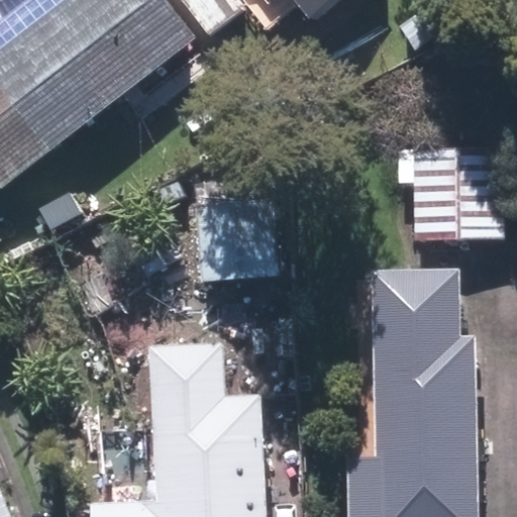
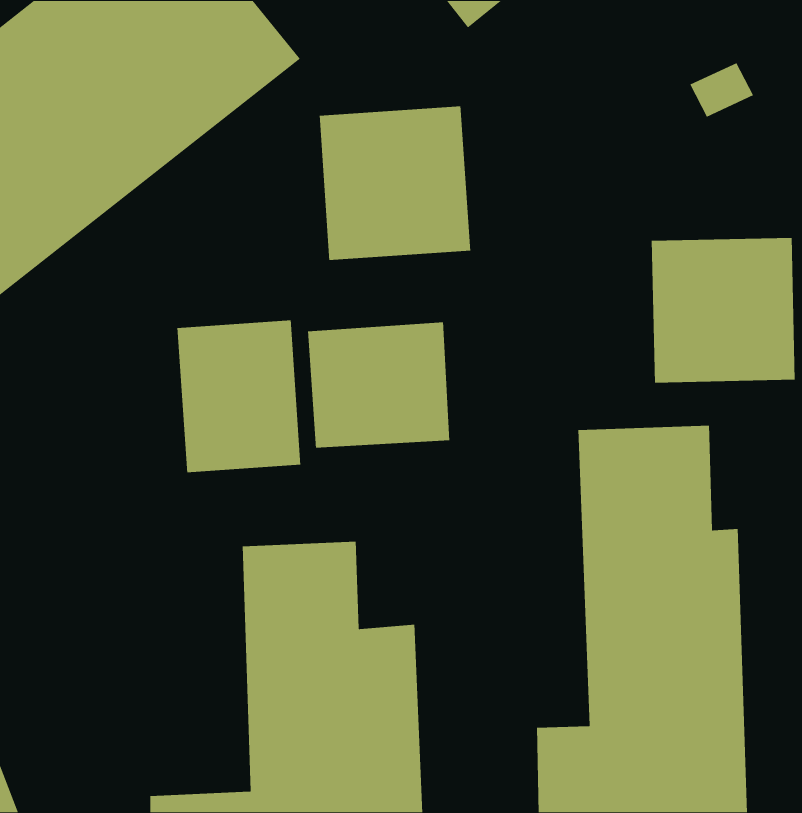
building: none -> [319,105,471,261]
building: none -> [177,320,301,473]

